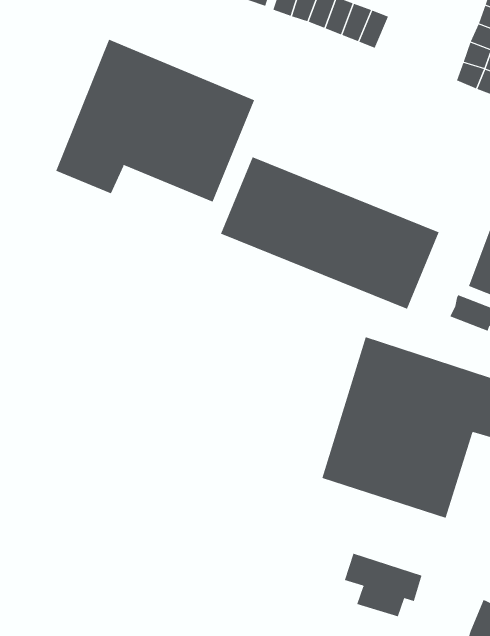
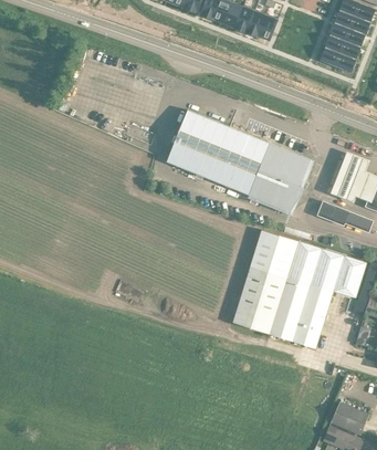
building: [55,39,255,203] -> none
building: [344,553,422,617] -> none

